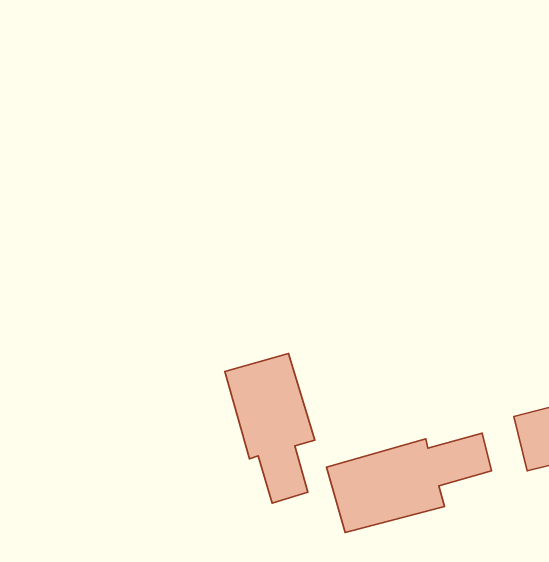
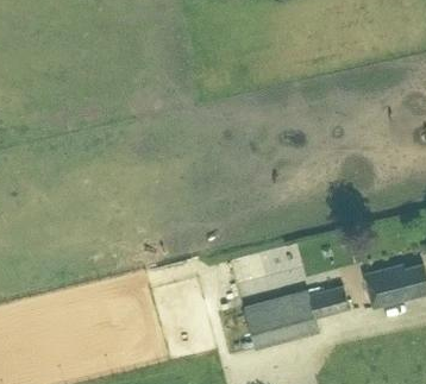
building: [225,354,315,503] -> none

